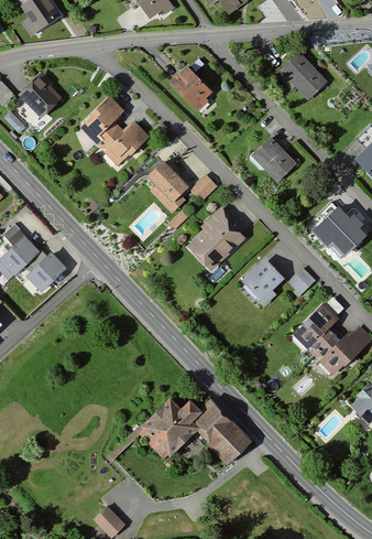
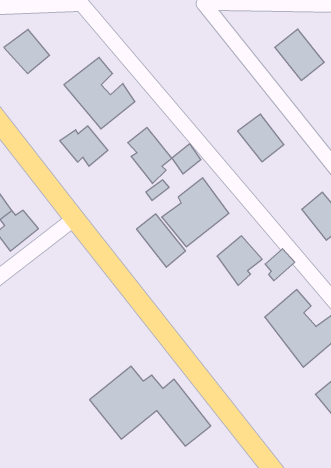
building: [171,65,214,108] -> none
building: none -> [60,126,108,166]
building: none -> [137,214,185,267]

